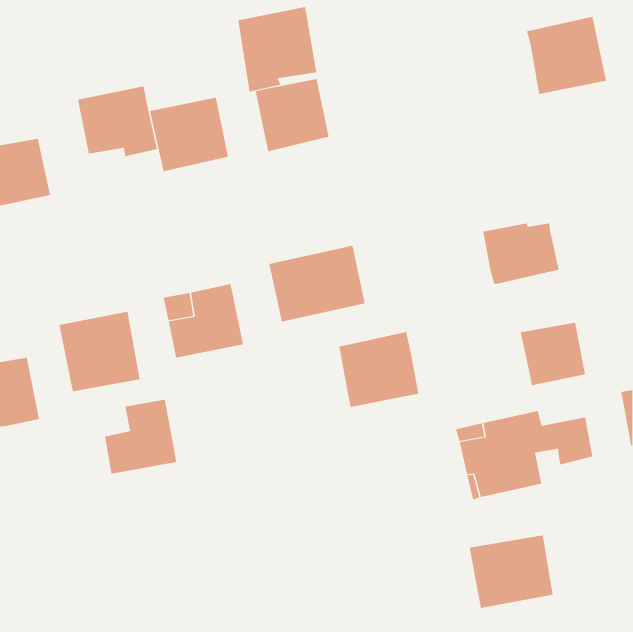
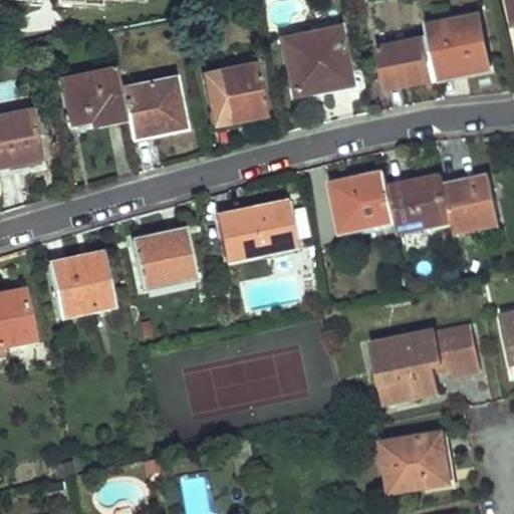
building: [238,6,317,92] -> [283,25,347,94]
building: none -> [378,36,435,86]
building: [520,322,586,386] -> [445,178,498,229]
building: [338,332,419,407] -> [330,169,396,230]
building: [104,399,177,475] -> none

